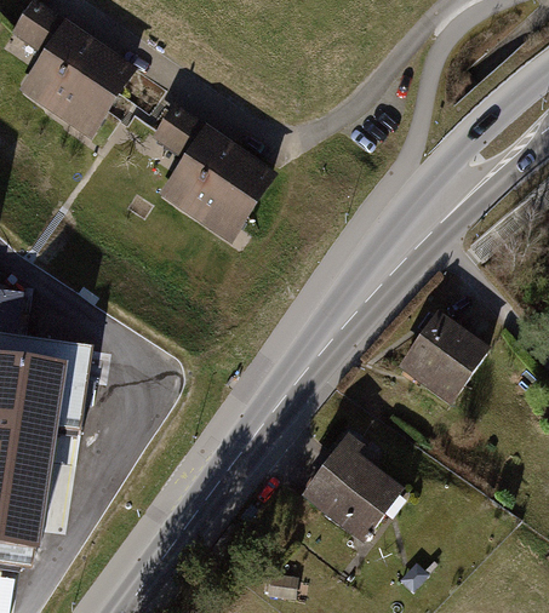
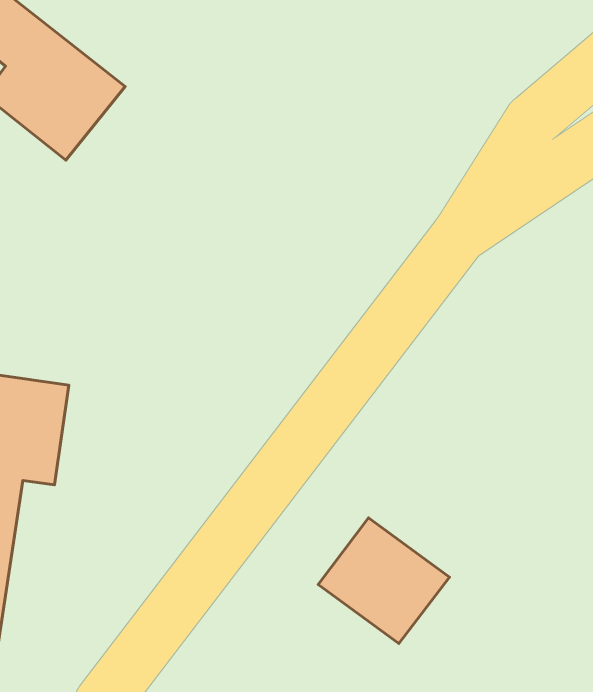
building: [159,104,271,231] -> none
building: [396,305,492,400] -> none

